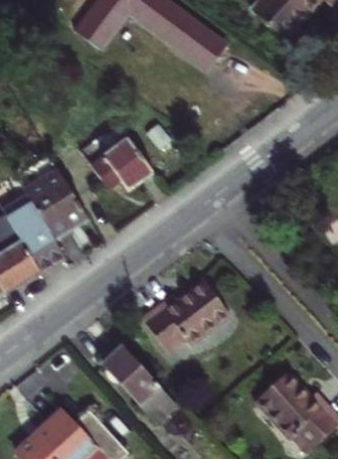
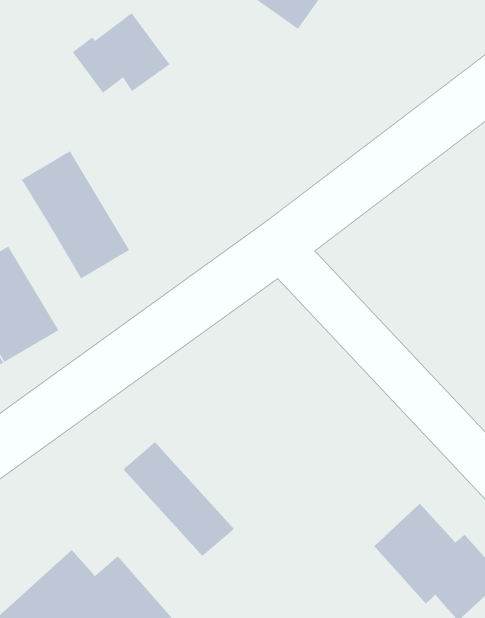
building: [89,135,153,188] -> [72,12,170,94]
building: [18,193,76,264] -> none
building: [144,287,231,356] -> none

